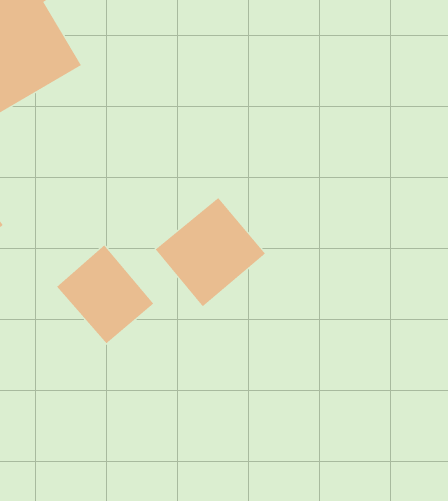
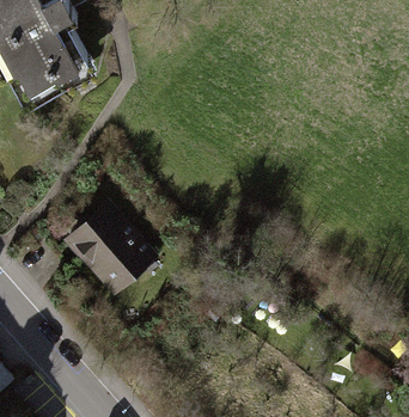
building: [155,197,266,307] -> none

